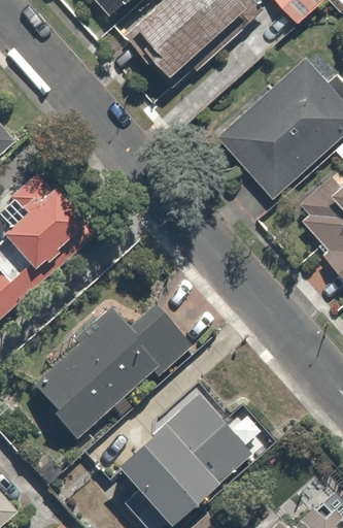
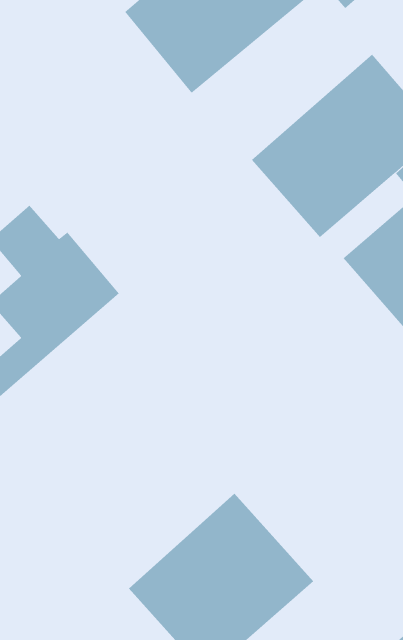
building: [32,302,198,448] -> none

